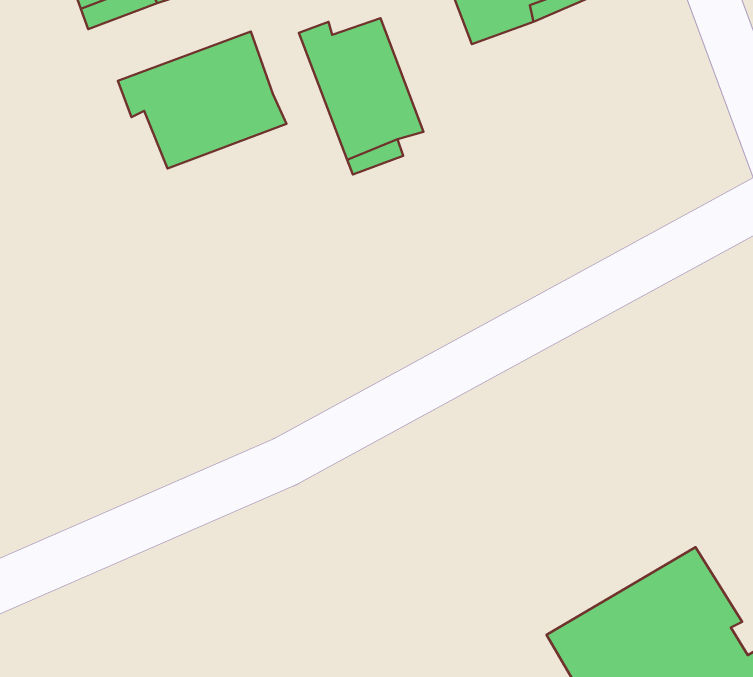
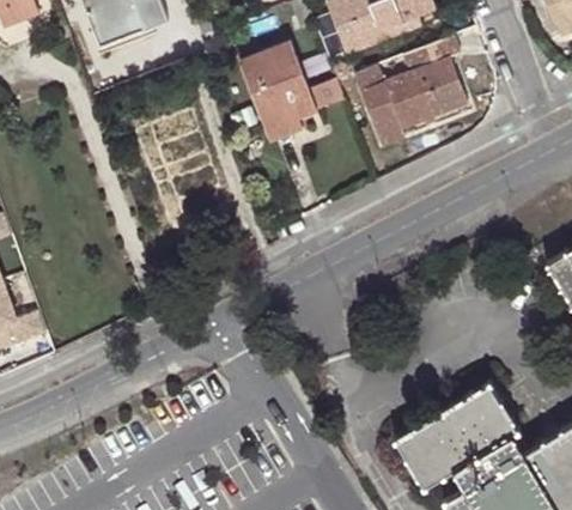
building: none -> [355,37,467,146]
building: [118,31,287,169] -> none

